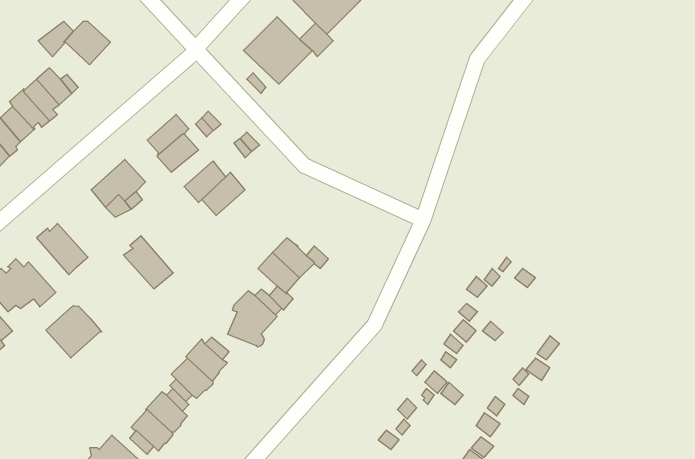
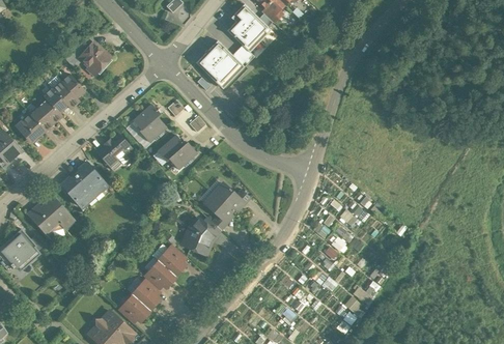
building: [123,236,173,289] -> [75,162,107,196]
building: [46,306,102,358] -> none

